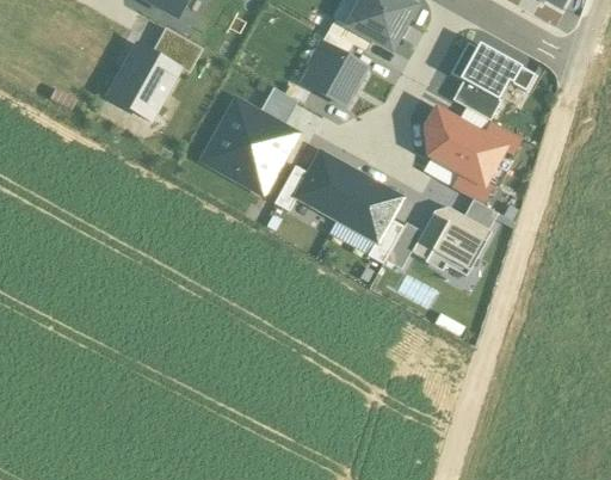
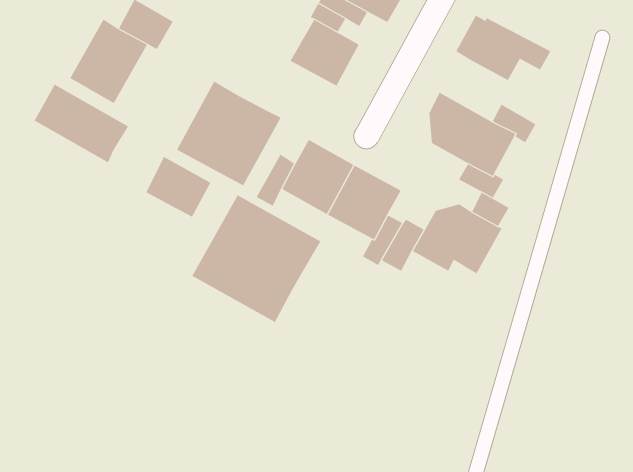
building: [452,81,500,121] -> none
building: [259,87,298,127] -> none
building: none -> [34,84,129,163]
building: none -> [145,156,211,218]
building: none -> [191,195,321,323]

